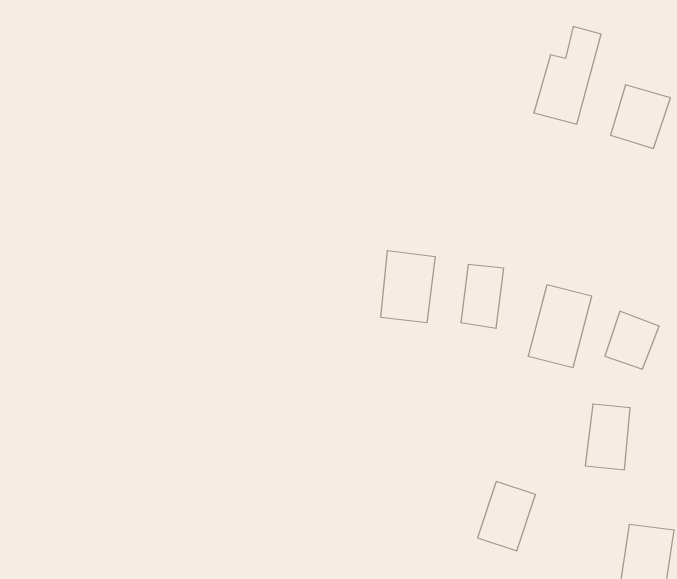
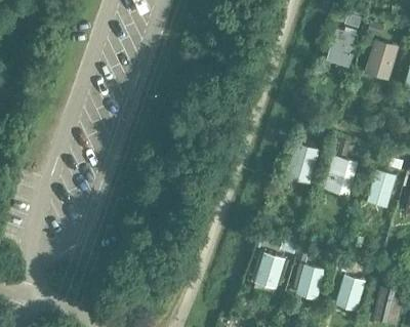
building: [381,250,435,323] -> none
building: [585,404,630,470] -> [335,274,360,310]
building: none -> [254,253,279,287]

